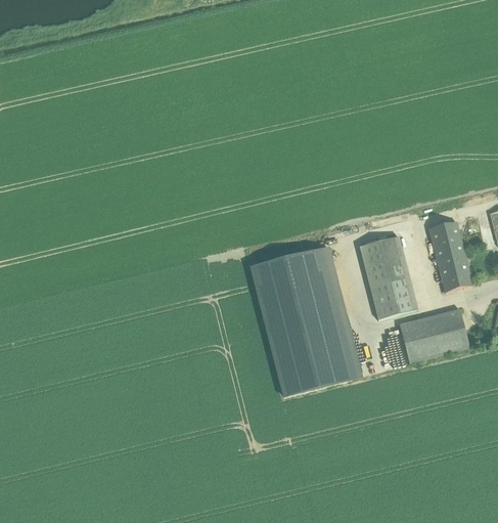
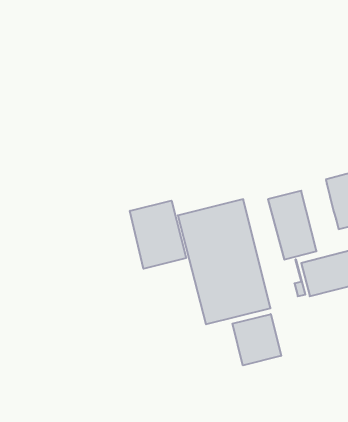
building: none -> [130,201,186,269]
building: none -> [232,314,281,365]

